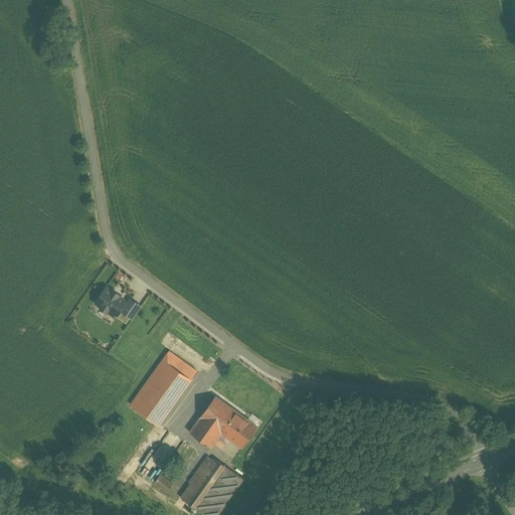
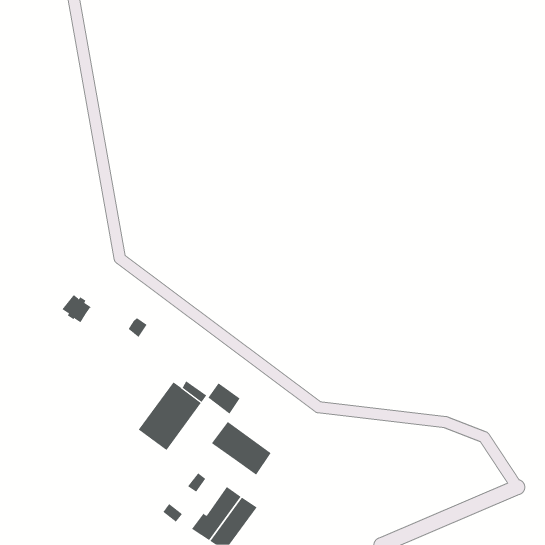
building: [95,288,123,315] -> [62,294,92,323]
building: [189,417,220,448] -> [207,382,241,415]

